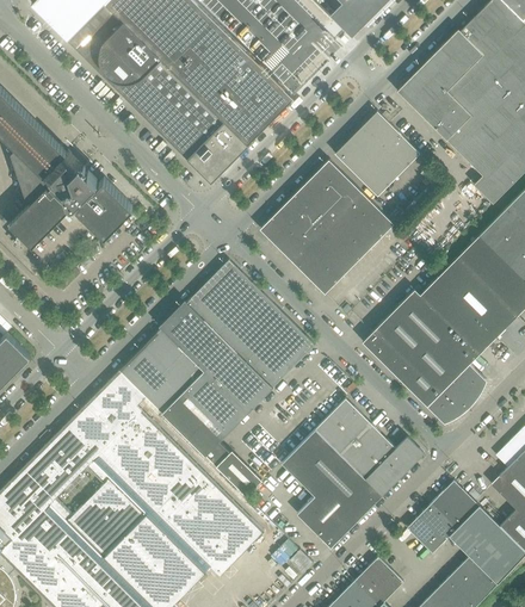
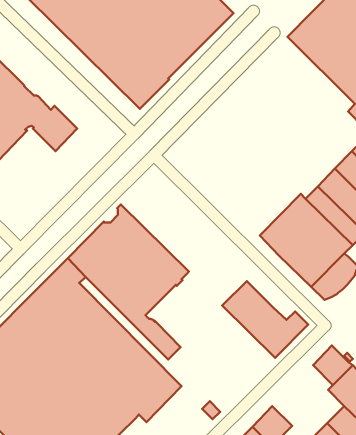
building: [335,112,420,197] -> none
building: [268,161,394,295] -> none
building: [187,261,315,388] -> none
building: [282,431,382,547] -> none
building: [407,506,455,553] -> none

